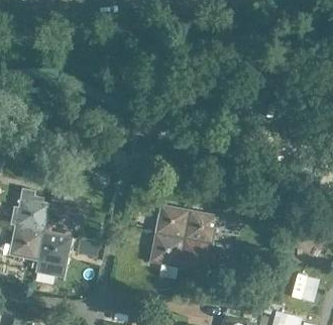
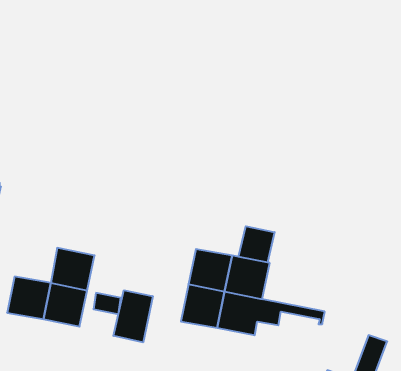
building: none -> [239,226,275,262]
building: [14,197,48,231] -> none
building: none -> [113,290,153,342]

